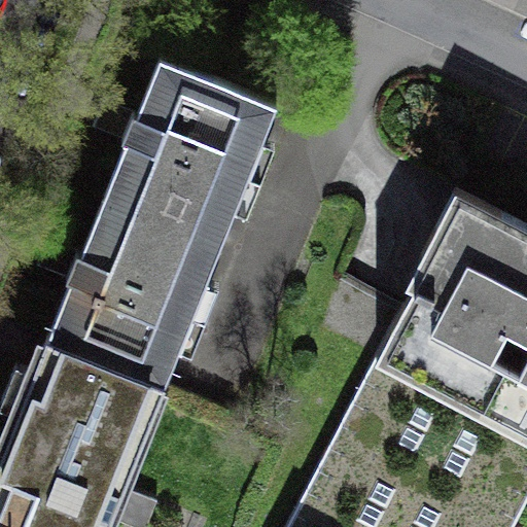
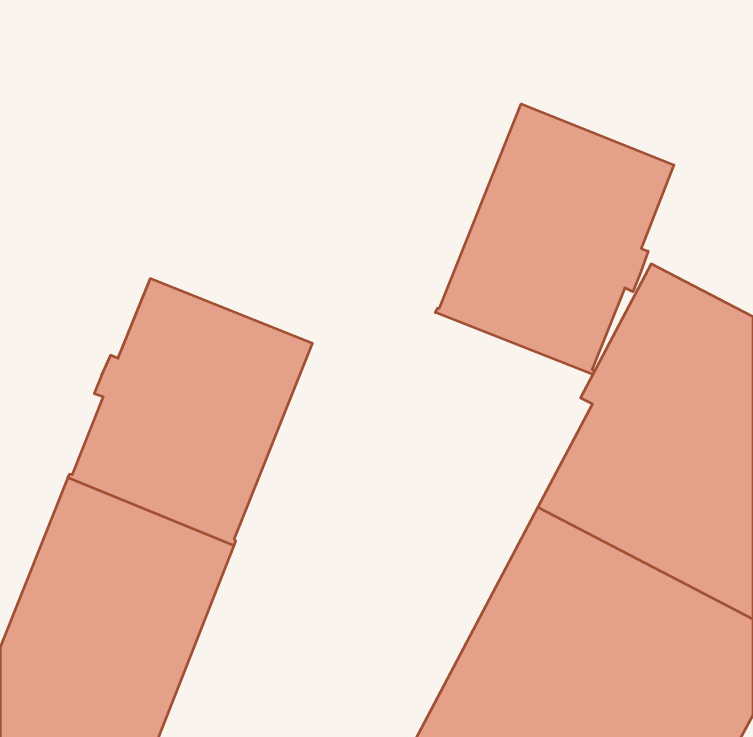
building: [105,65,276,251] -> none
building: none -> [435,104,674,374]

